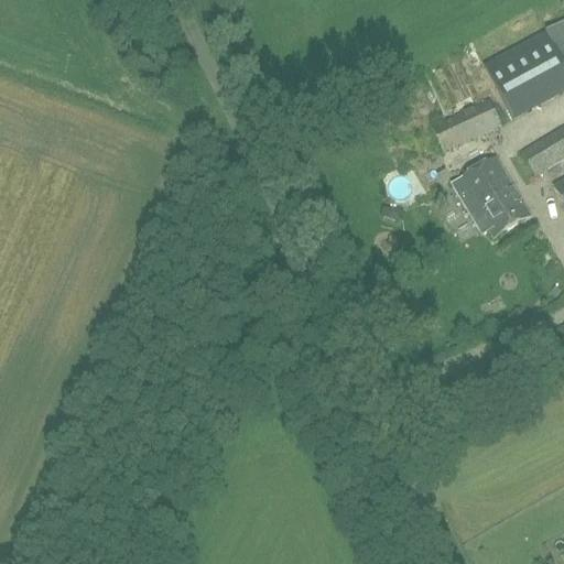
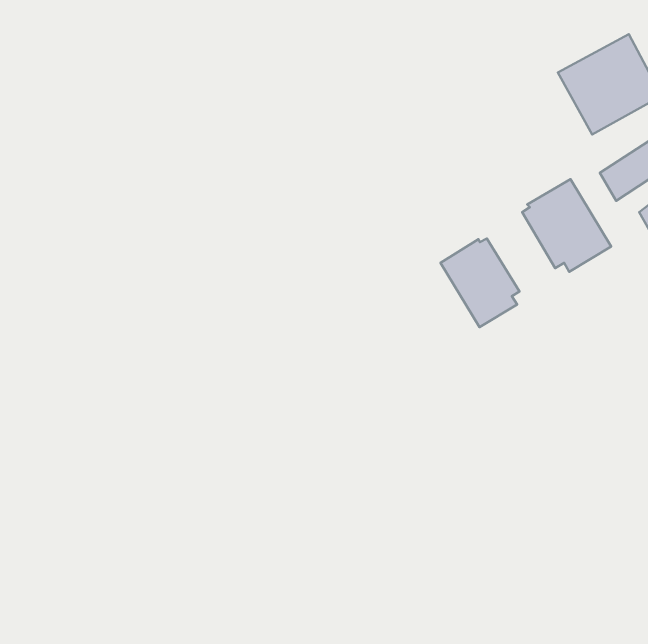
building: [433,98,501,150] -> none
building: none -> [441,238,520,327]

